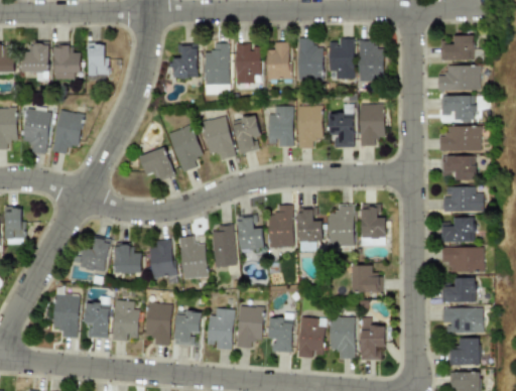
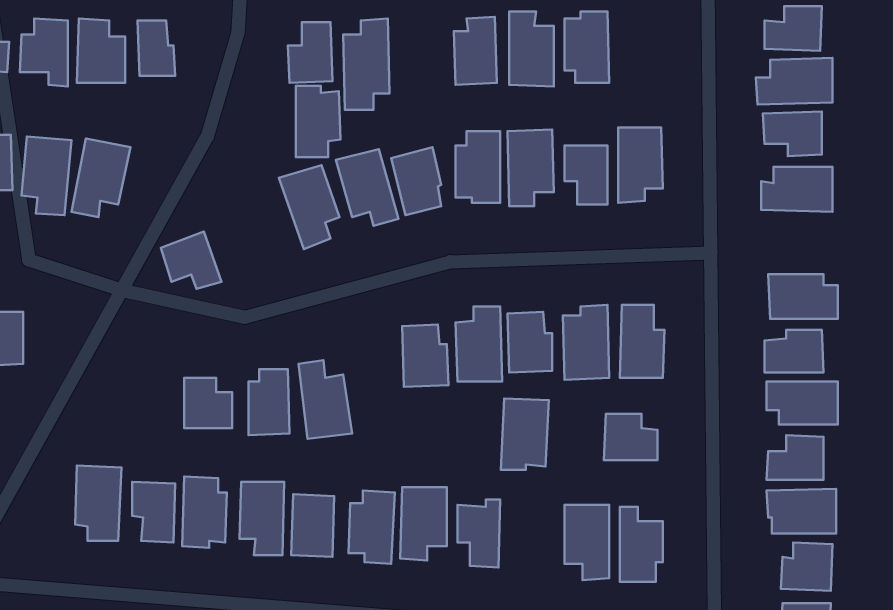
building: [359,40,384,81] -> none
building: [236,43,261,84] -> [296,86,341,157]
building: [140,147,174,179] -> [161,232,222,289]
building: [443,155,476,178] -> none
building: [213,225,235,266] -> none
building: [81,236,111,271] -> none
building: [298,316,326,357] -> [501,398,549,470]

